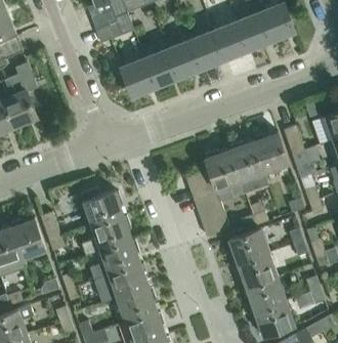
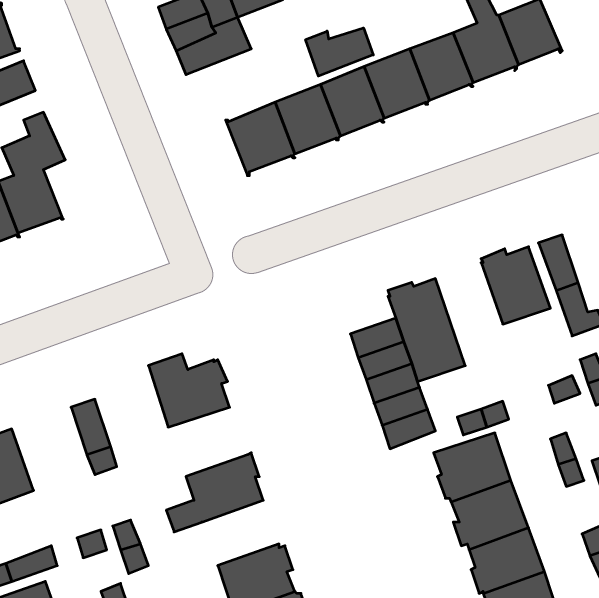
building: none -> [306,28,373,76]
building: [229,140,267,194] -> none
building: [82,214,132,256] -> none
building: [10,218,45,258] -> none
building: [109,262,149,297] -> none

